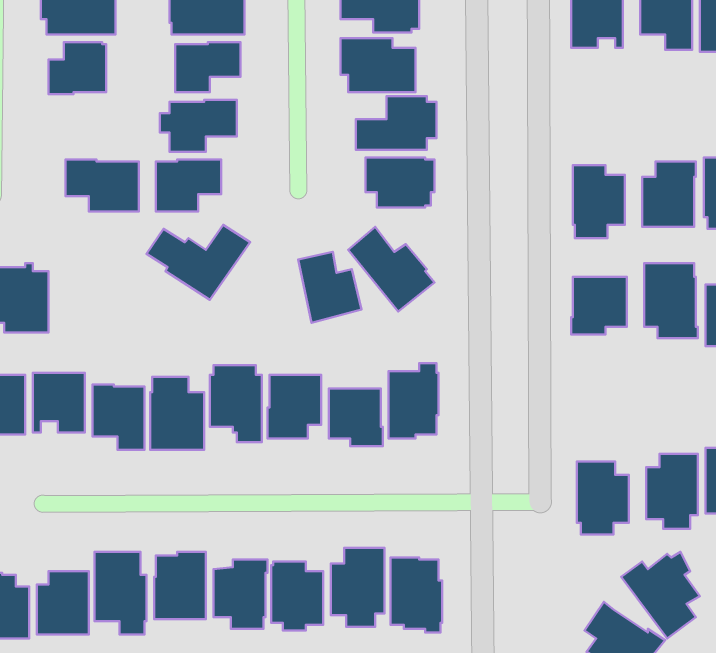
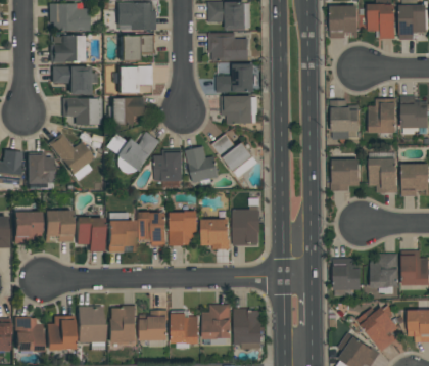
building: none -> [52,65,96,94]
building: none -> [48,133,95,180]
building: none -> [154,152,183,181]

